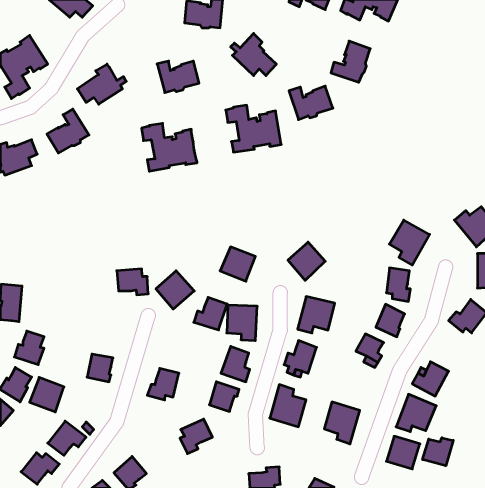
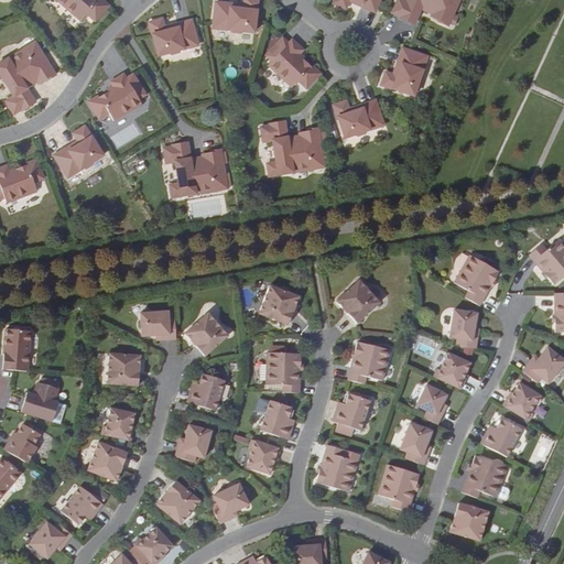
building: [157,61,199,93] -> [153,19,202,55]
building: [194,297,227,330] -> [186,372,225,410]
building: none -> [107,352,140,384]
building: none -> [502,381,540,419]
building: none -> [399,421,431,464]
building: [30,377,64,412] -> [87,441,127,480]
building: none -> [155,480,200,524]
building: [423,438,453,466] -> none

